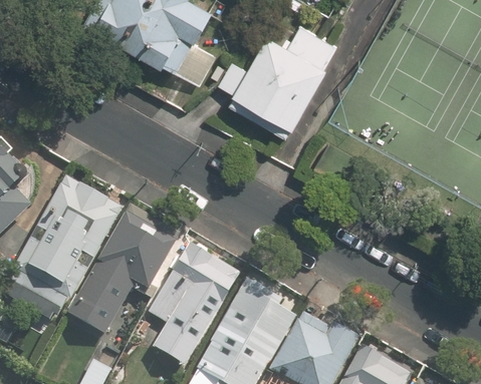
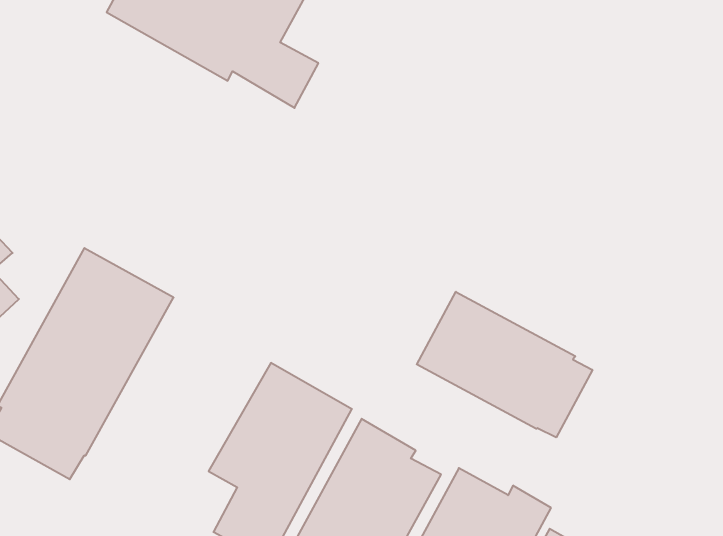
building: [221,28,334,137] -> none
building: none -> [417,292,592,437]
building: [80,210,180,317] -> none

